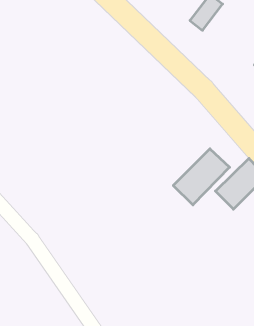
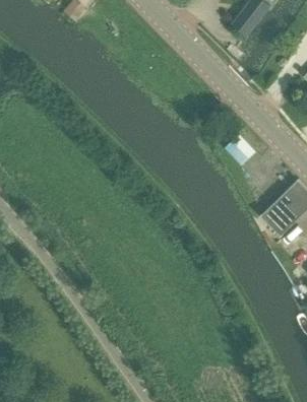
building: [173,149,230,205] -> none

